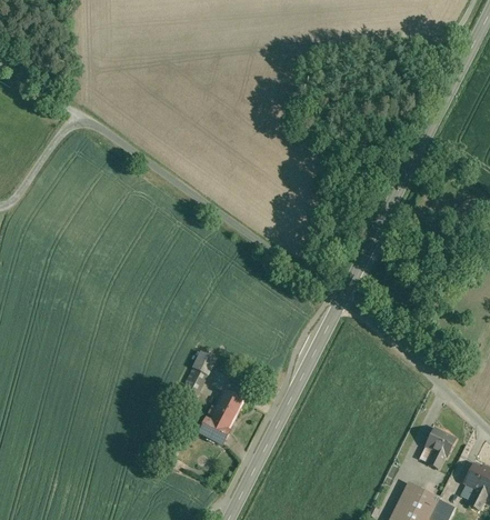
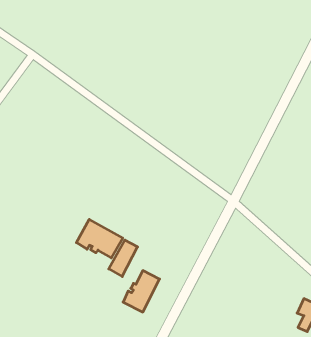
building: none -> [76,219,123,258]

